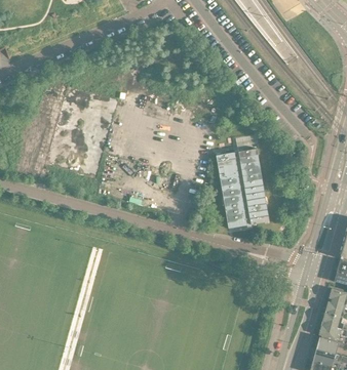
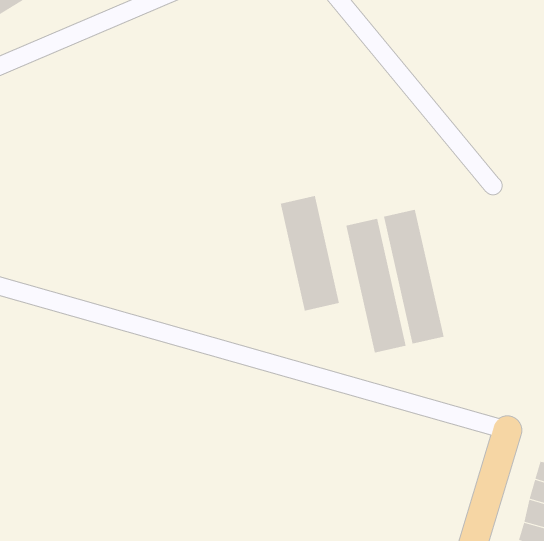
building: none -> [280,195,340,311]

